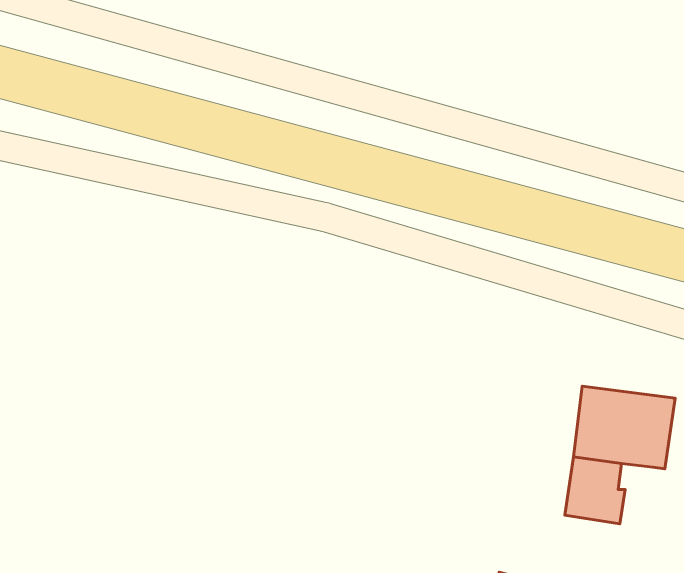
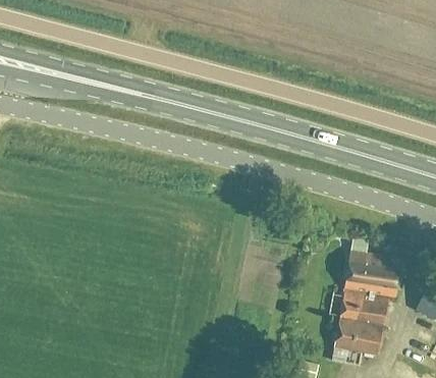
building: none -> [334,298,389,358]

